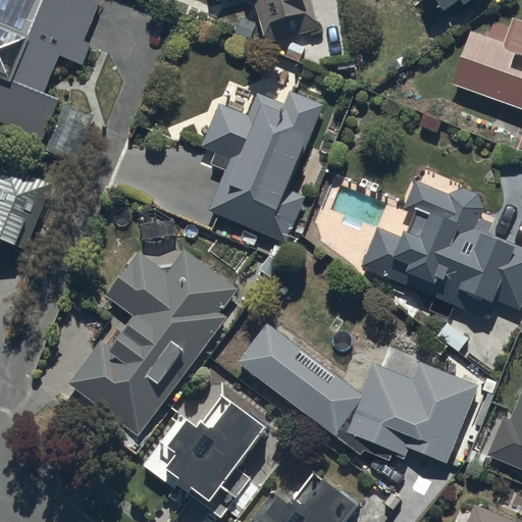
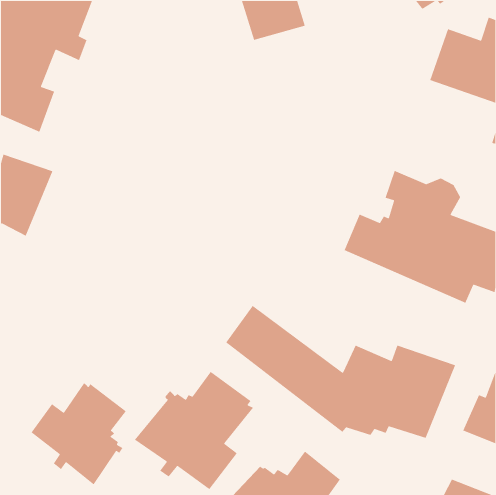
building: [201,90,323,243] -> none
building: [67,247,239,433] -> none
building: none -> [30,382,127,485]

